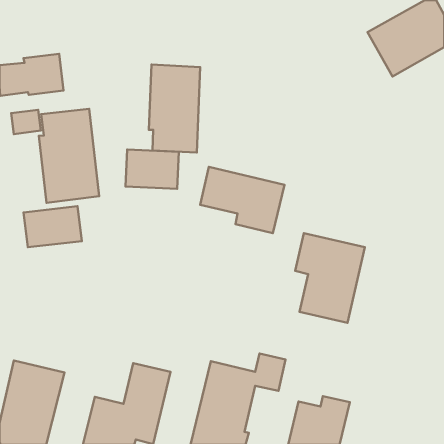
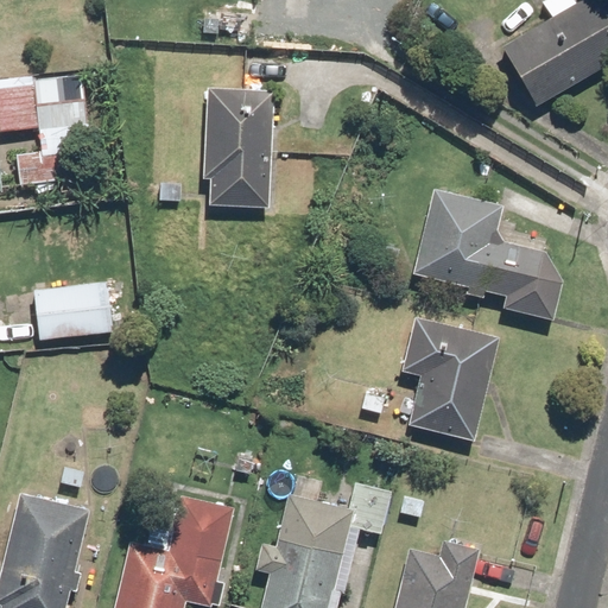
building: [39,109,99,203] -> none
building: none -> [413,189,562,321]
building: [125,150,179,189] -> none
building: [200,167,285,233] -> none

